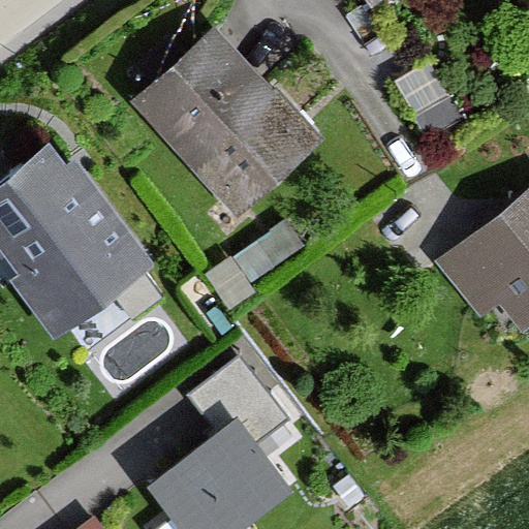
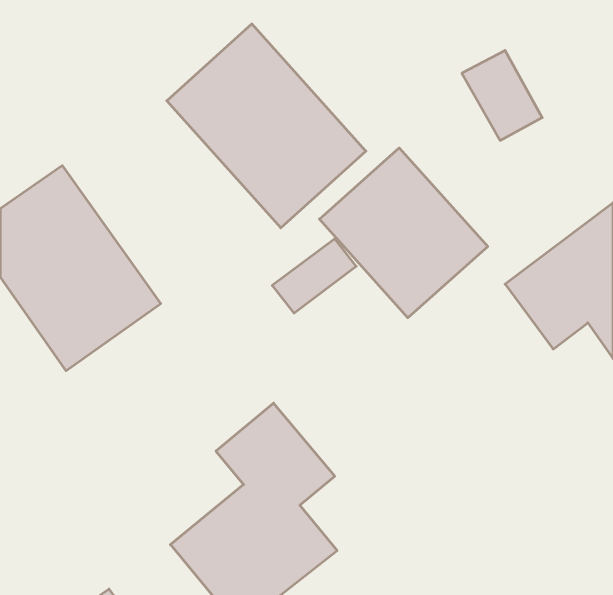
building: none -> [319,148,488,318]

